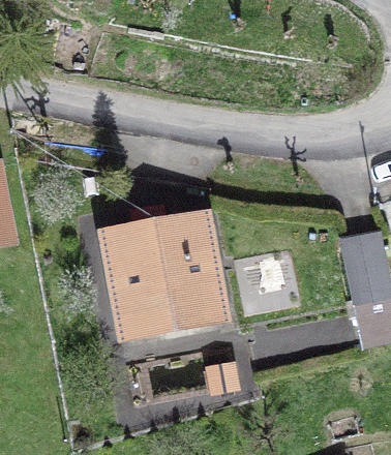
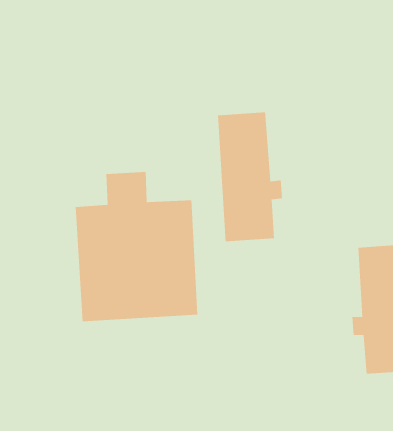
building: none -> [217,112,283,242]

